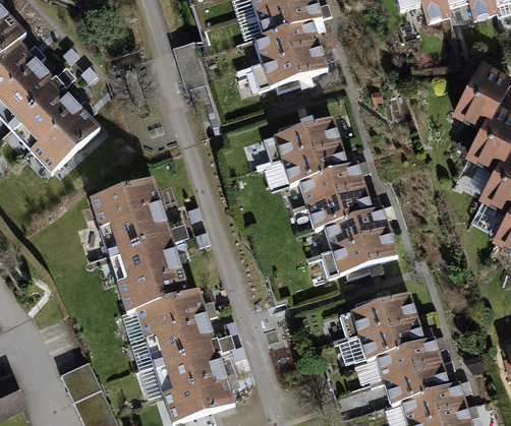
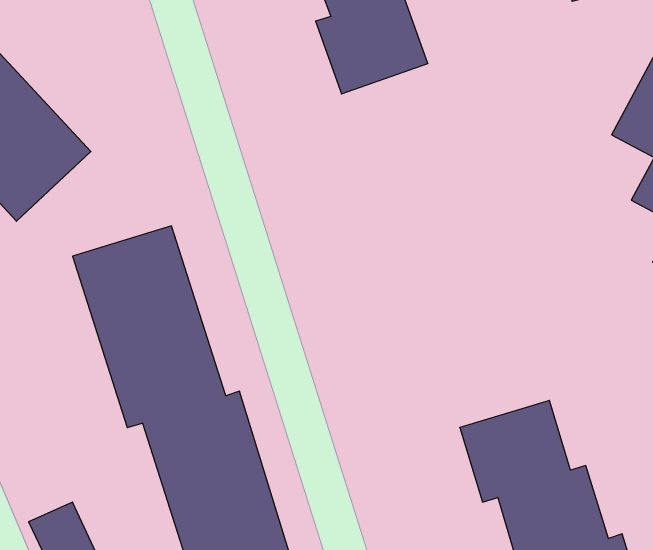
building: [272,117,396,272] -> none

